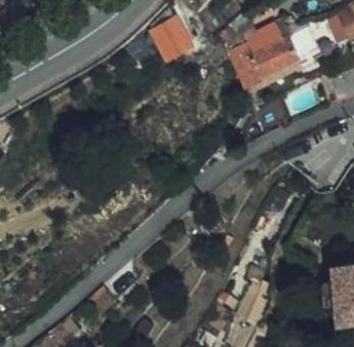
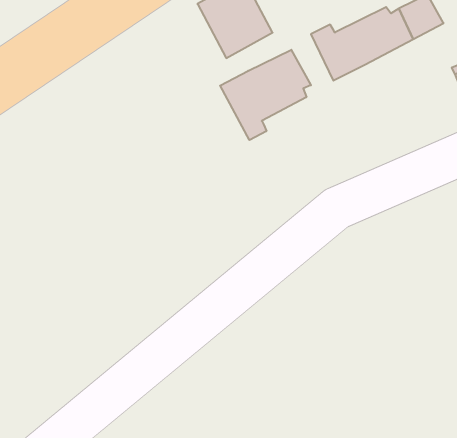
building: none -> [220,50,311,140]

